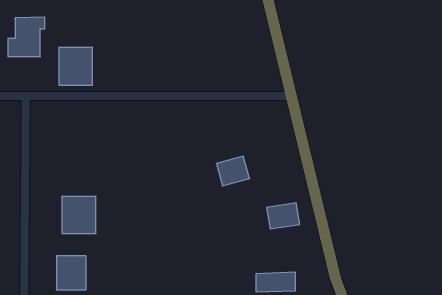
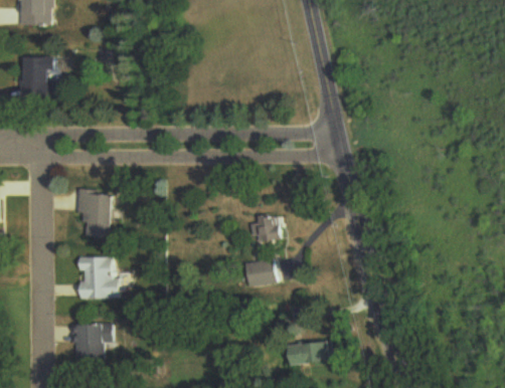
building: [59,47,92,85] -> none
building: none -> [75,188,115,238]
building: [267,203,300,229] -> [242,257,280,286]

